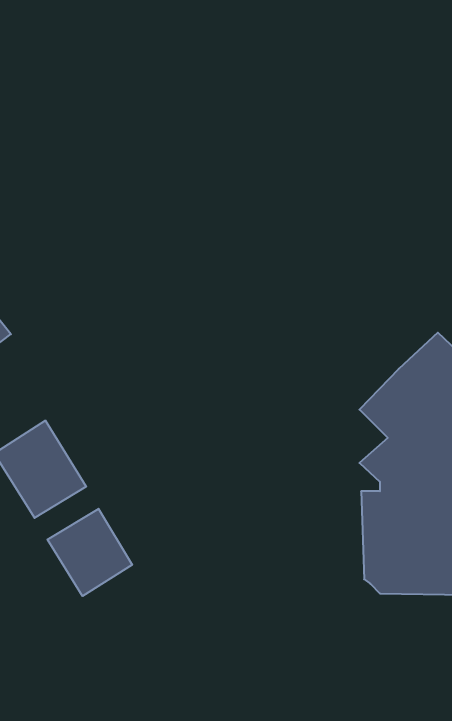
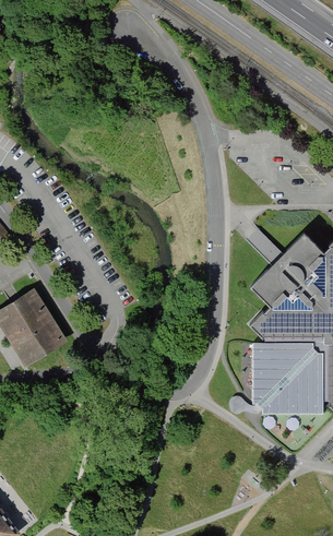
building: [47,509,132,596] -> none

